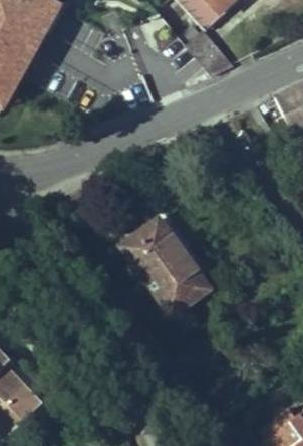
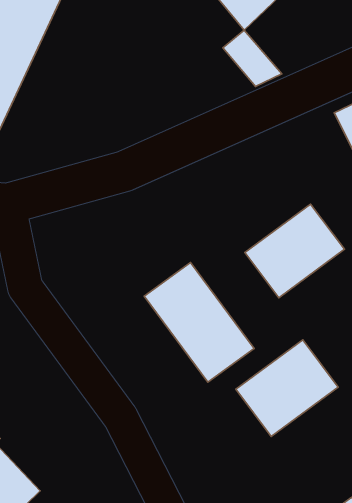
building: none -> [245,204,344,298]
building: none -> [236,340,338,436]

